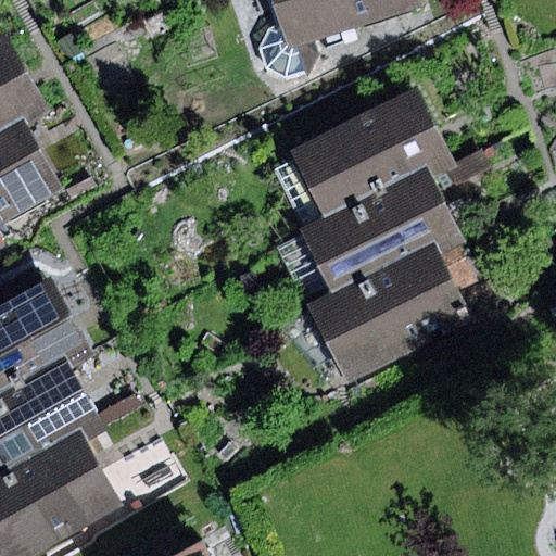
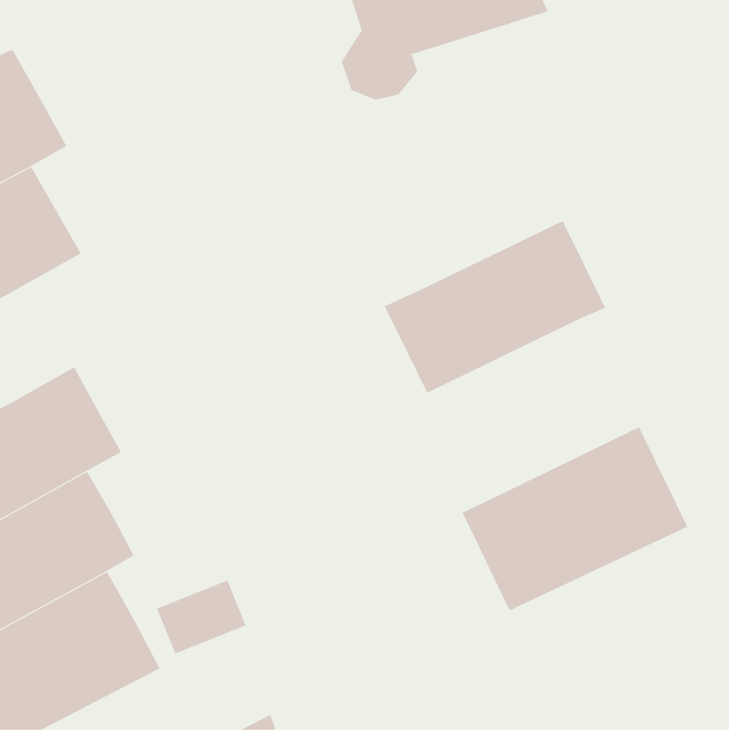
building: [285,88,453,220] -> none
building: [303,243,475,383] -> [462,427,688,611]

